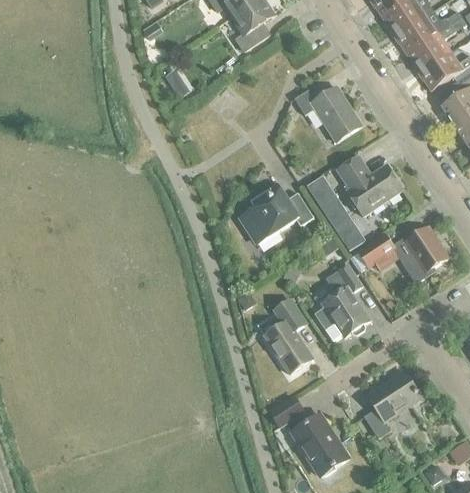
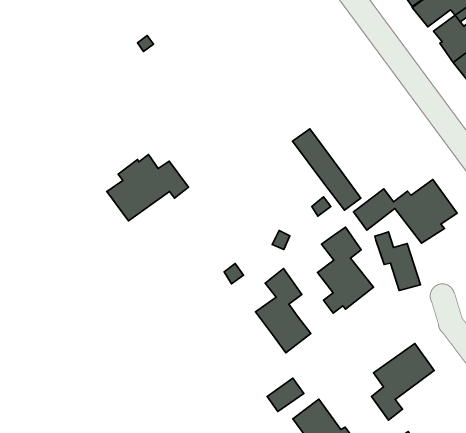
building: [295,86,362,142] -> none
building: [337,155,403,216] -> none
building: [241,186,314,244] -> [107,155,189,221]
building: none -> [375,232,421,291]

